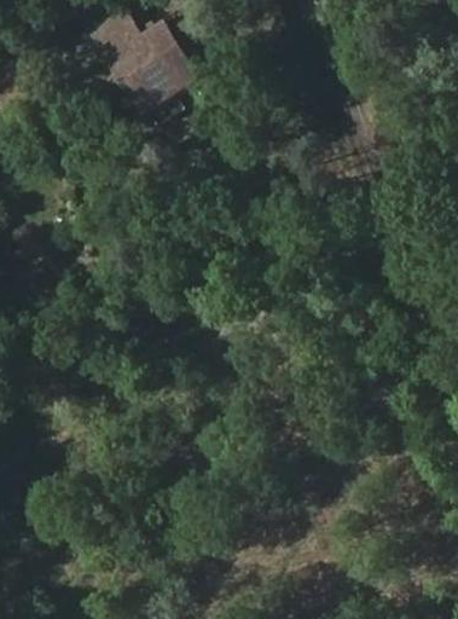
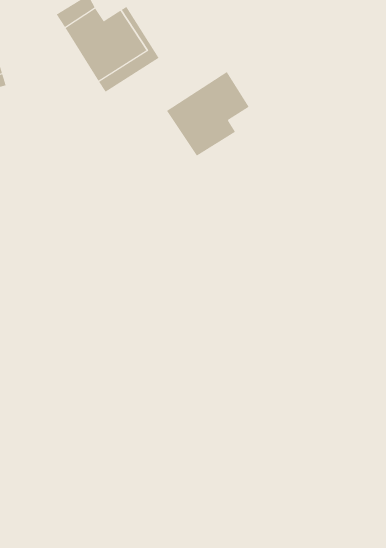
building: none -> [166,71,249,157]

